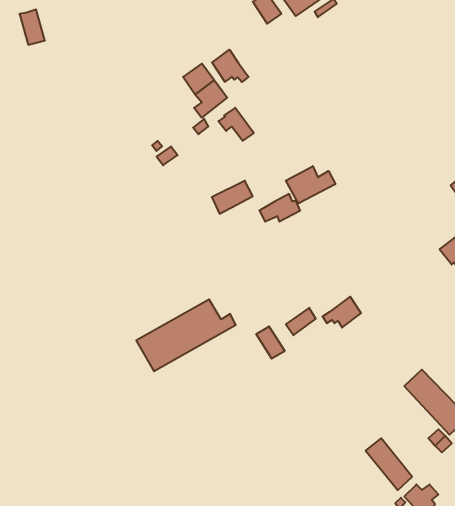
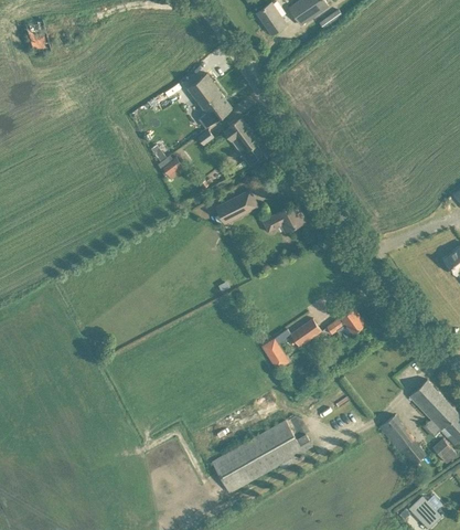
building: [212,50,249,82] -> none
building: [286,166,335,204] -> none
building: [136,299,236,371] -> [212,421,311,492]
building: [366,438,412,490] -> [378,415,425,467]

